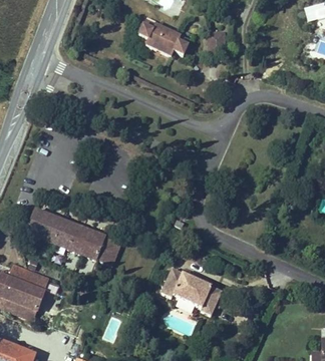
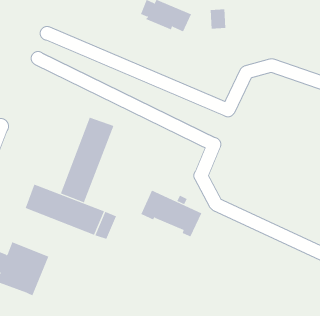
building: none -> [60,117,114,203]
building: [160,268,222,315] -> [140,190,202,237]

